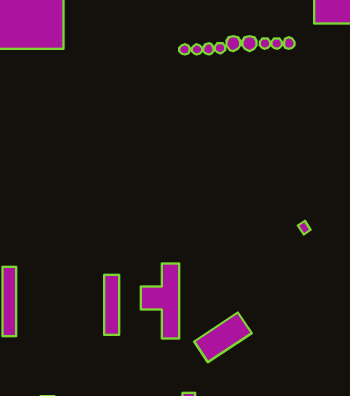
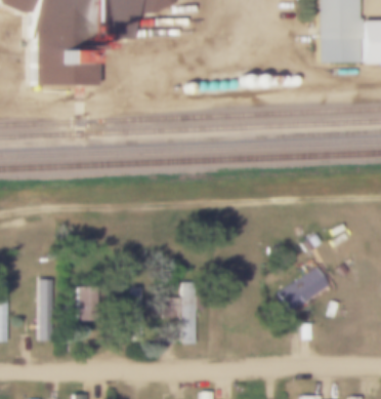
building: none -> [81,285,102,319]
building: [194,313,252,362] -> [277,266,328,310]

